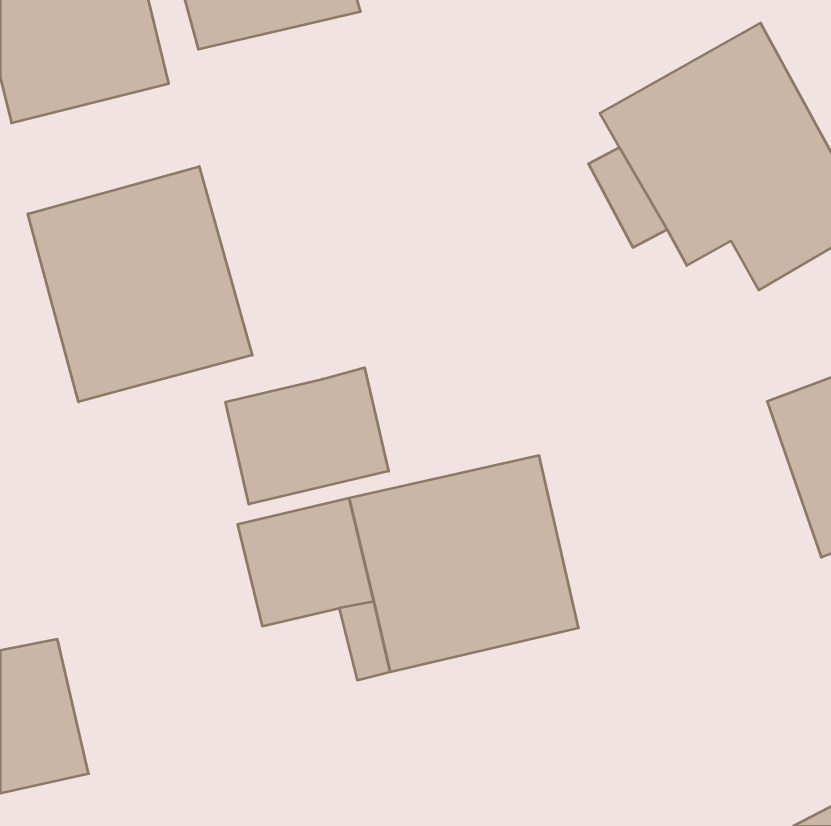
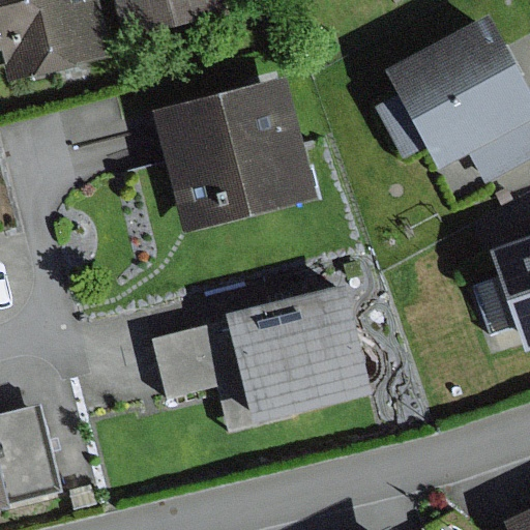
building: none -> [154,78,316,231]
building: [28,166,252,402] -> none
building: [226,368,389,504] -> none

